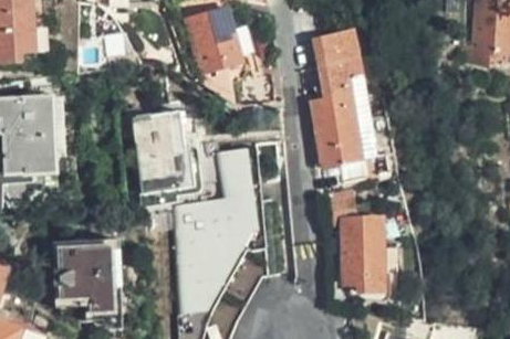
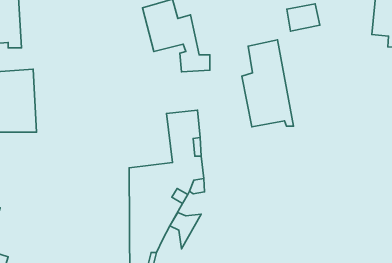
building: [313,31,354,65] -> [287,4,320,31]
building: [128,109,192,192] -> none
building: [322,191,393,300] -> none
building: [45,237,121,306] -> none

